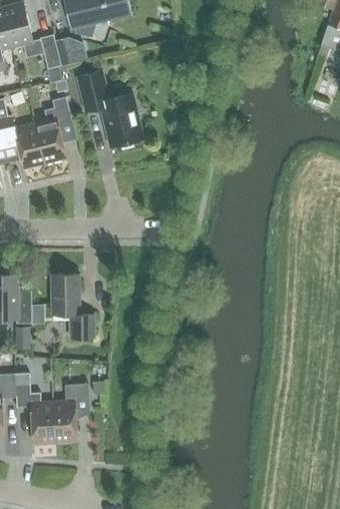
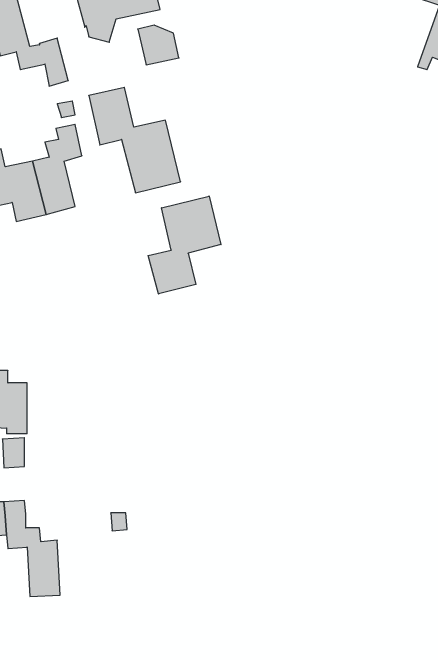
building: [55,36,85,65] -> [138,25,179,65]
building: none -> [148,196,221,294]
building: [51,275,94,339] -> none
building: [53,384,89,442] -> none

